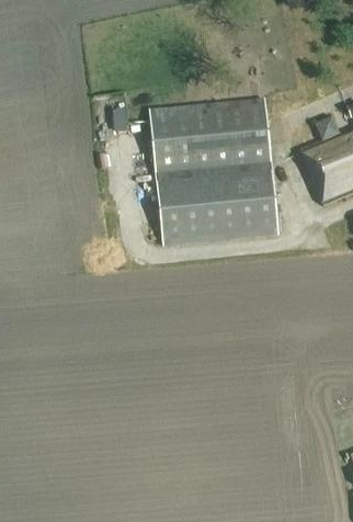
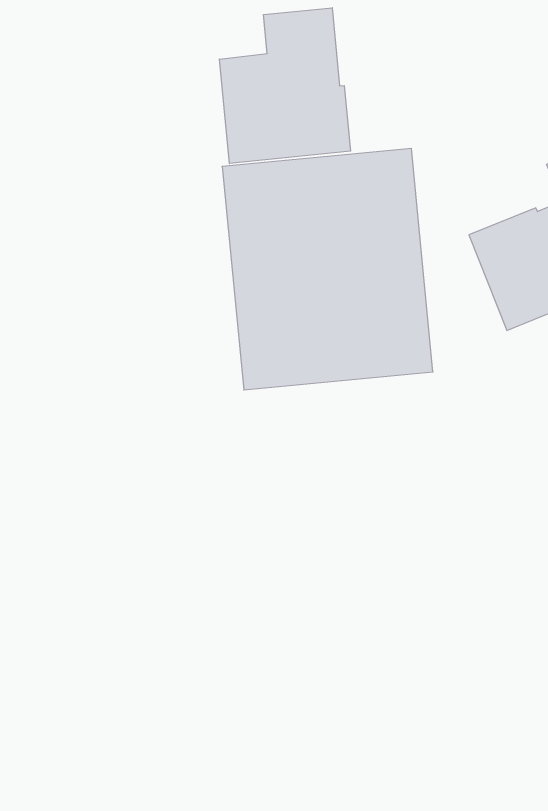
building: none -> [219,8,351,164]

